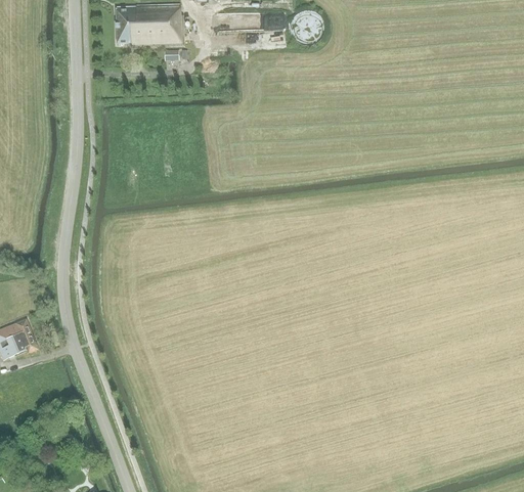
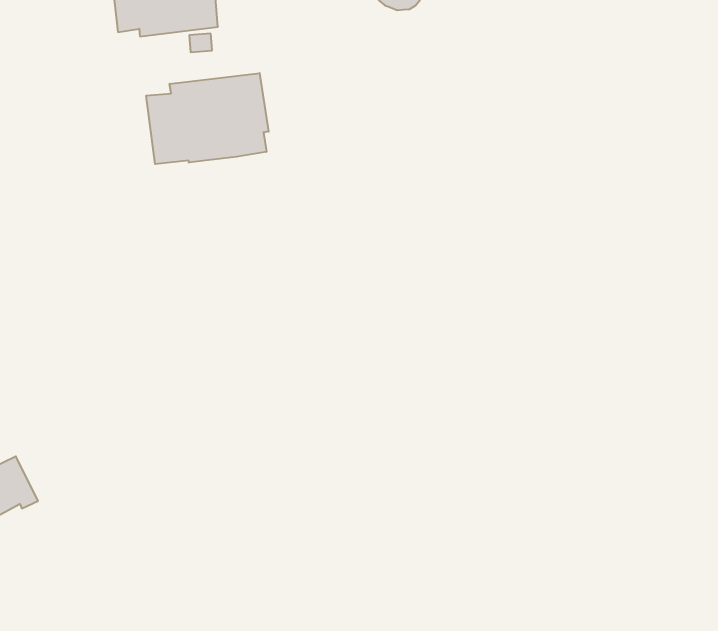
building: none -> [146,73,269,164]

